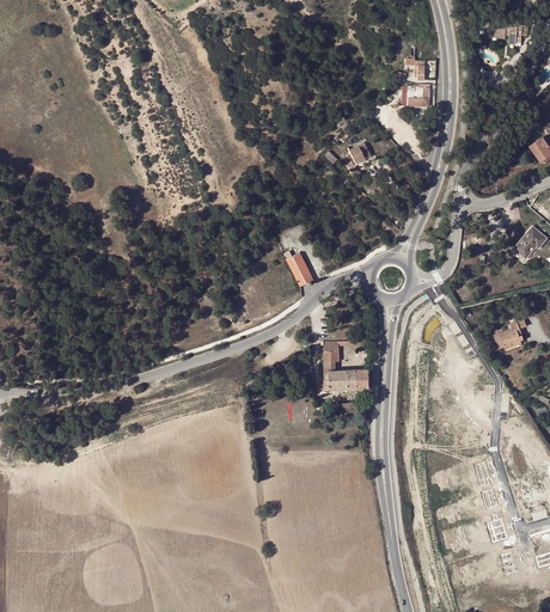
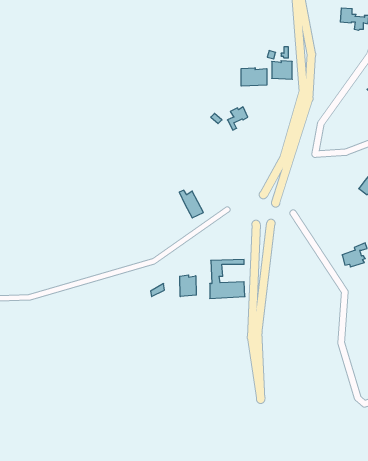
building: none -> [241,68,267,86]
building: none -> [180,275,196,297]

